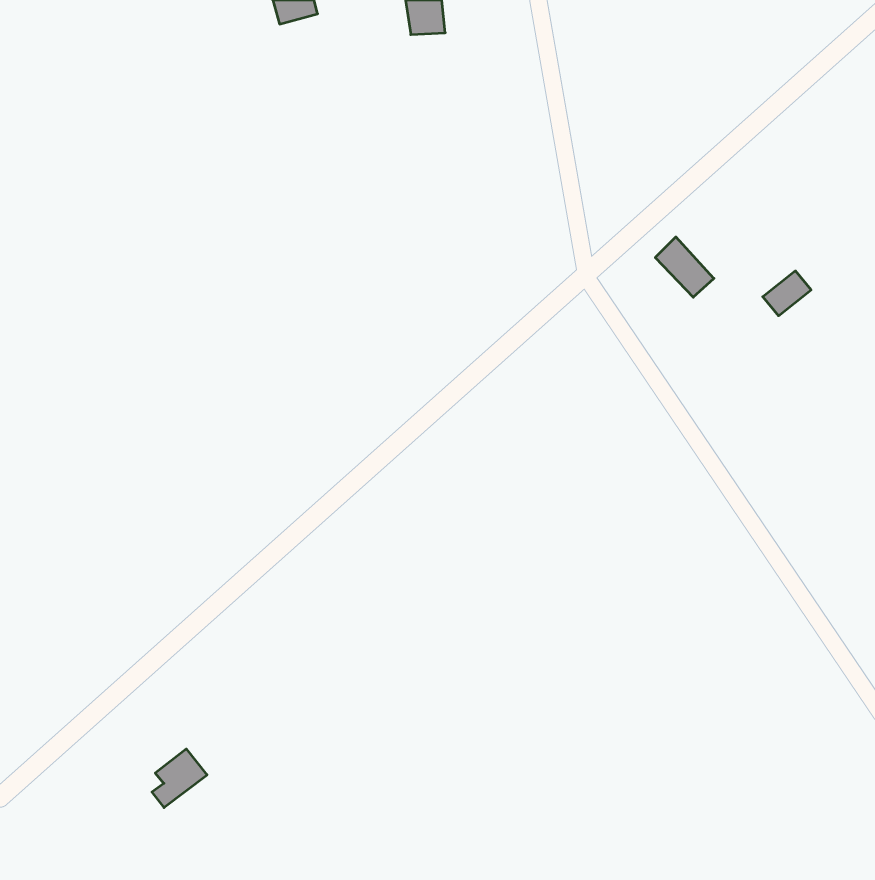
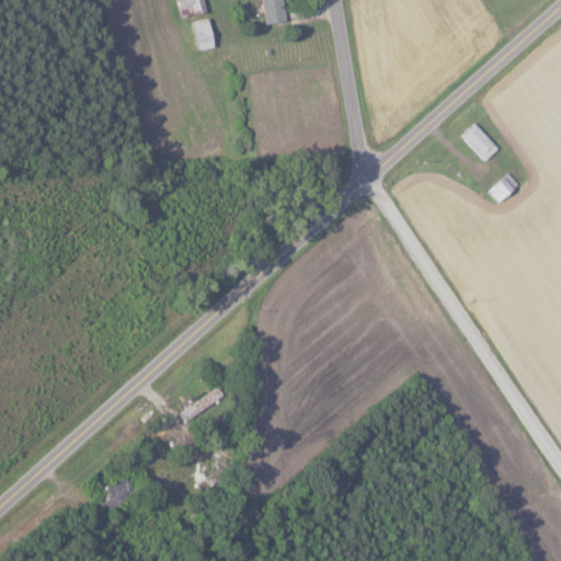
building: none -> [193,19,214,50]
building: [655,237,714,297] -> [461,123,499,161]

